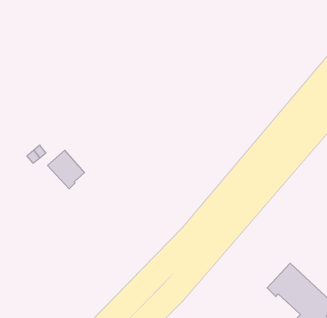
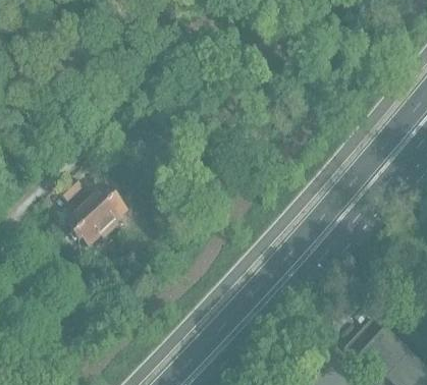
building: none -> [67,203,112,246]

